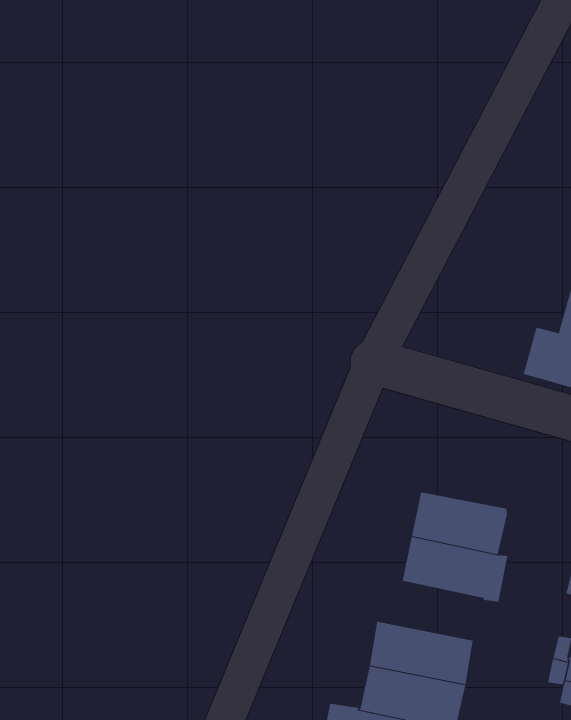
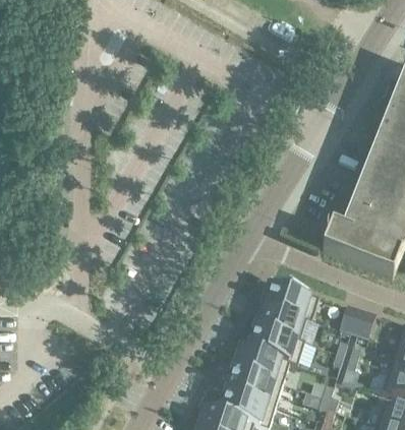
building: none -> [262,280,317,319]
building: none -> [232,345,288,381]

